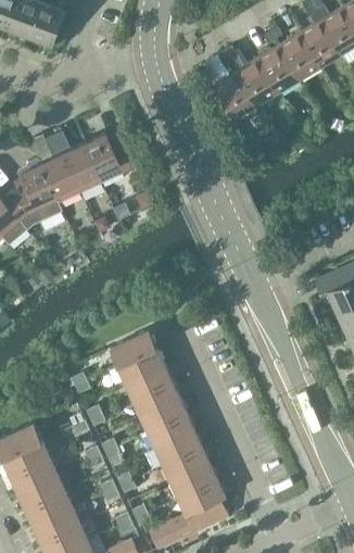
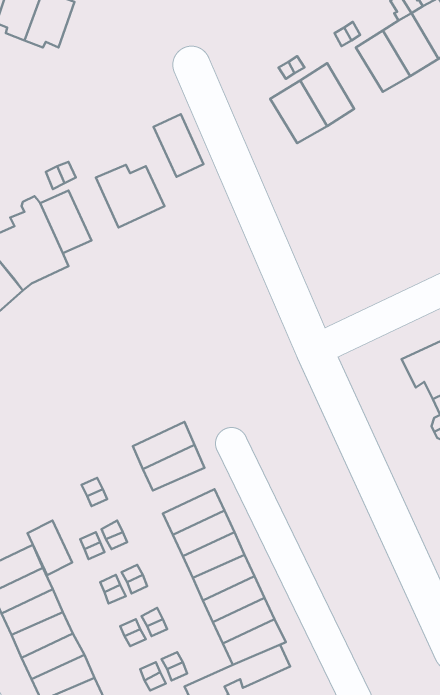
building: [257,46,300,92] -> none
building: [61,144,99,192] -> [154,114,204,177]
building: [125,365,172,400] -> none
building: none -> [27,521,72,575]

